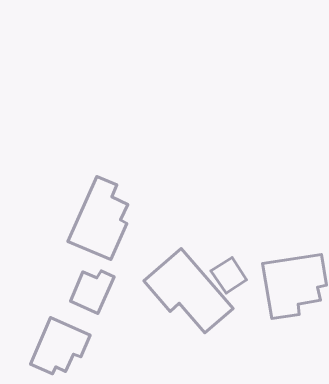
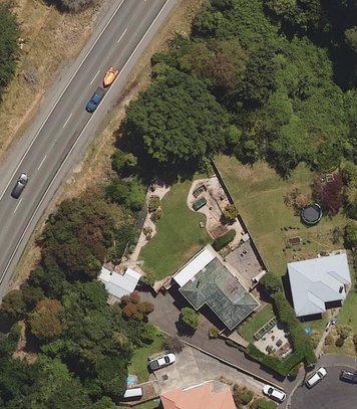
building: [68,177,128,259] -> none
building: [30,318,90,374] -> none

